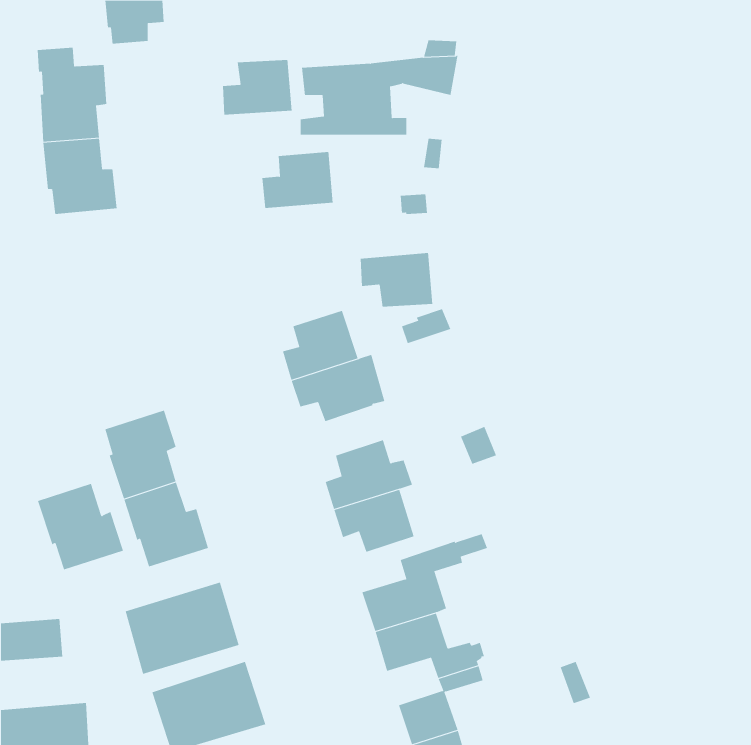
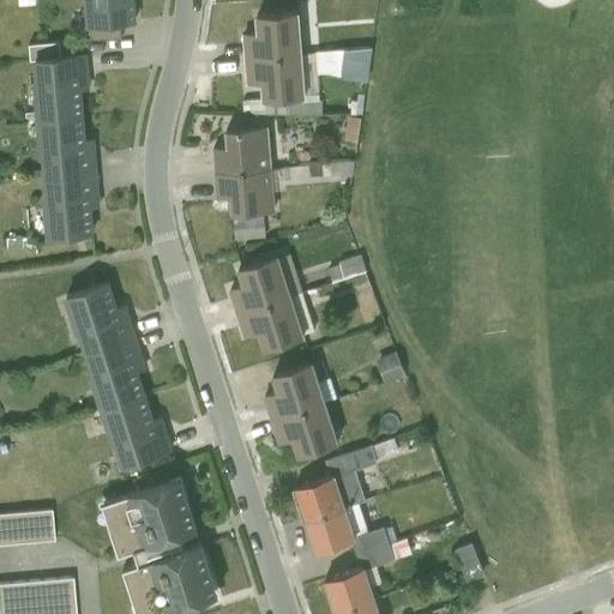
building: [222,59,293,115] -> [245,14,302,60]
building: none -> [43,175,98,239]
building: [360,253,433,307] -> [216,170,276,215]
building: [37,483,124,570] -> [64,284,134,355]

